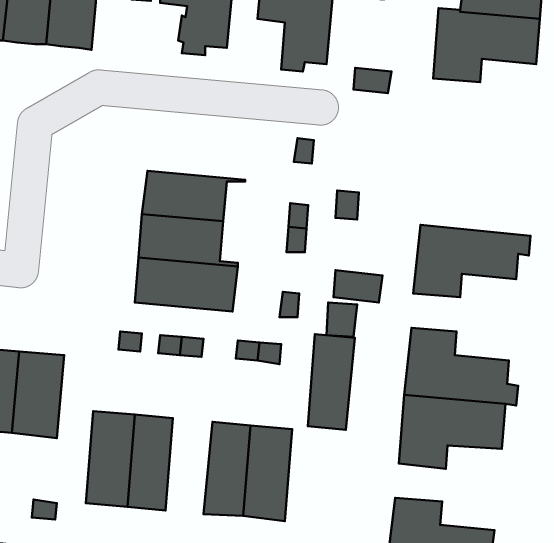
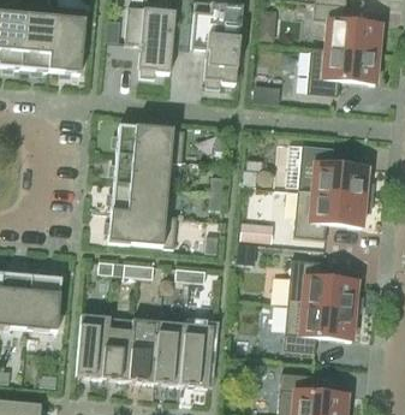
building: none -> [117,124,184,160]
building: none -> [286,143,373,197]
building: [308,334,355,430] -> [129,319,160,383]

